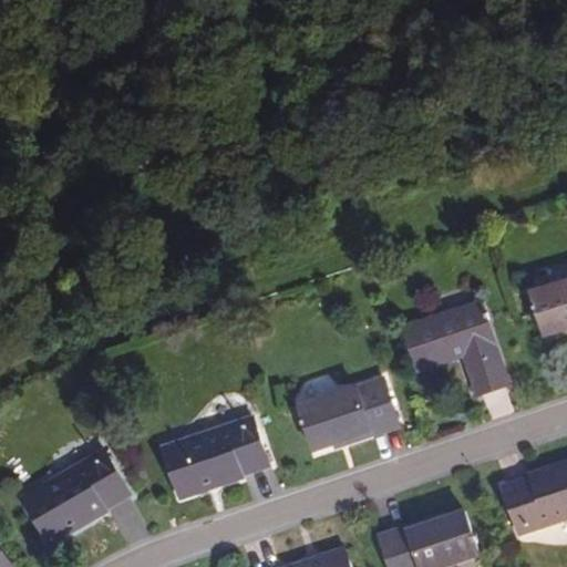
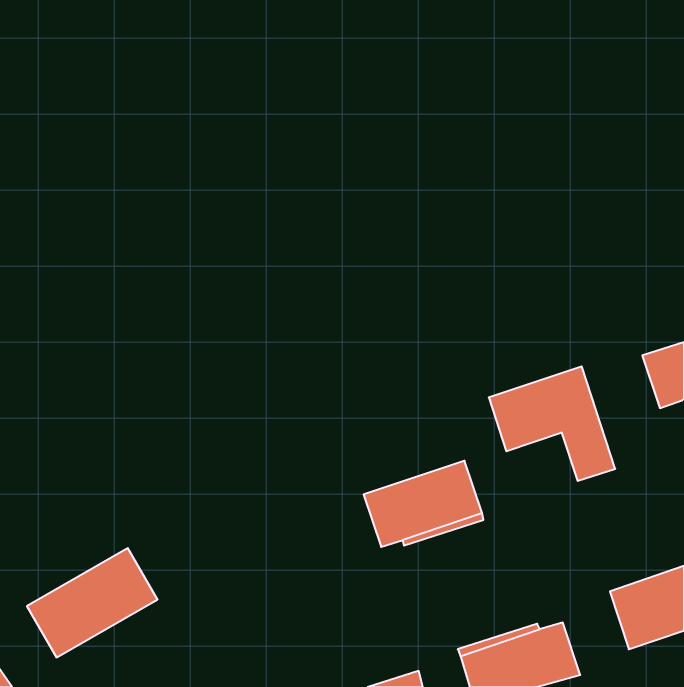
building: [163,417,268,494] -> none

